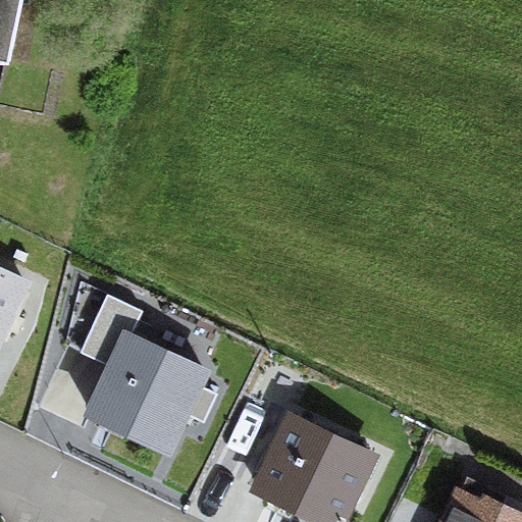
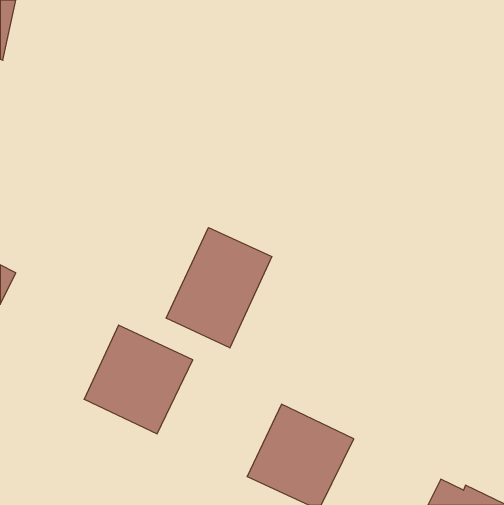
building: none -> [166,228,272,348]

